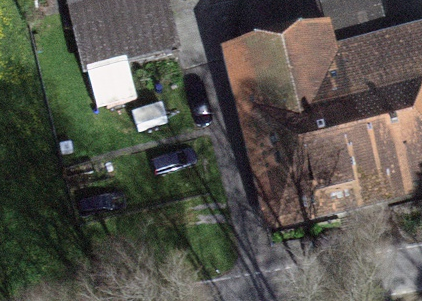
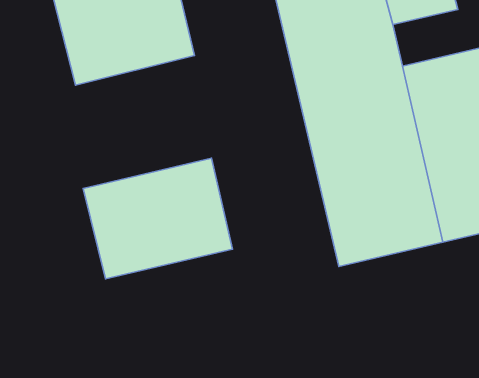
building: none -> [83,158,232,279]

